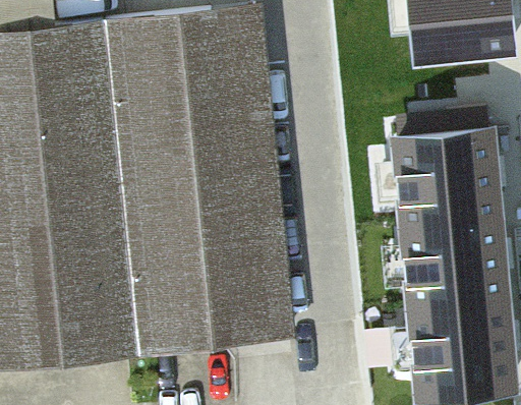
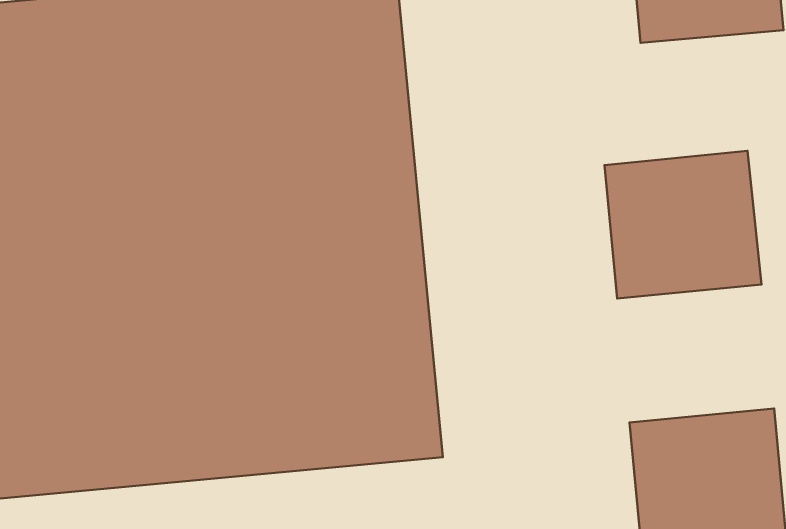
building: [402,216,504,305] -> none

